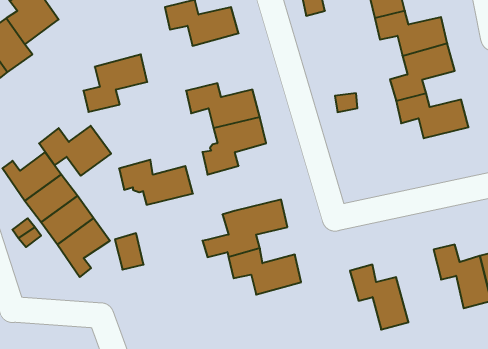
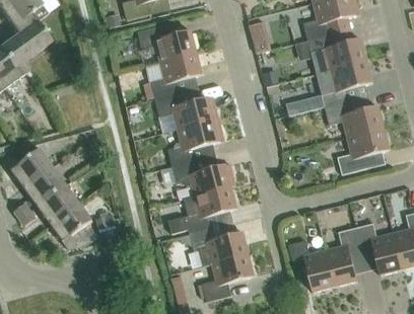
building: [83,54,147,112] -> [150,52,202,98]
building: [39,126,111,176] -> none
building: none -> [337,128,389,174]
building: [119,160,193,205] -> [171,159,231,195]
building: none -> [325,227,361,286]
building: none -> [202,253,254,301]

